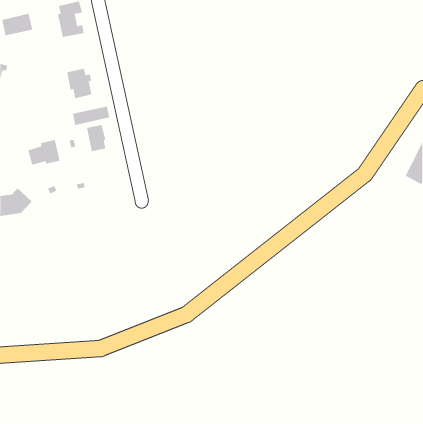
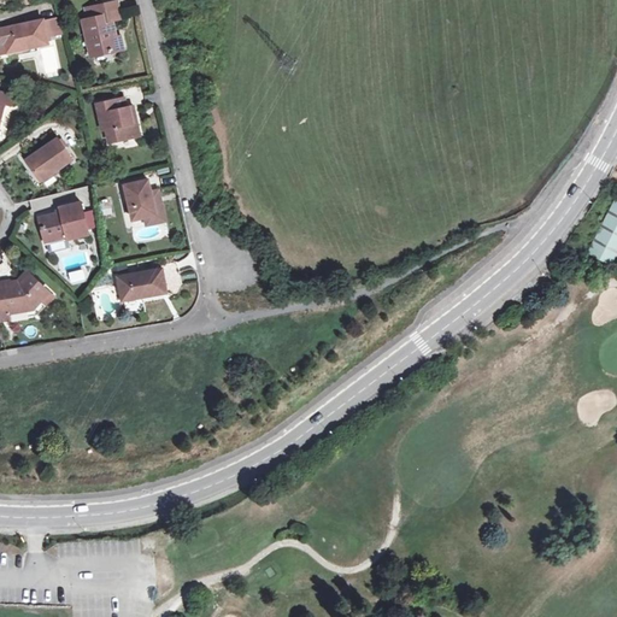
building: none -> [25,139,71,180]
building: [73,106,110,126] -> none
building: none -> [118,269,165,301]

